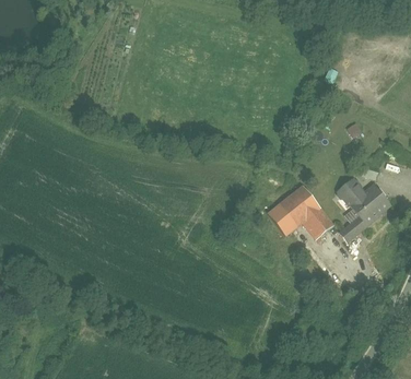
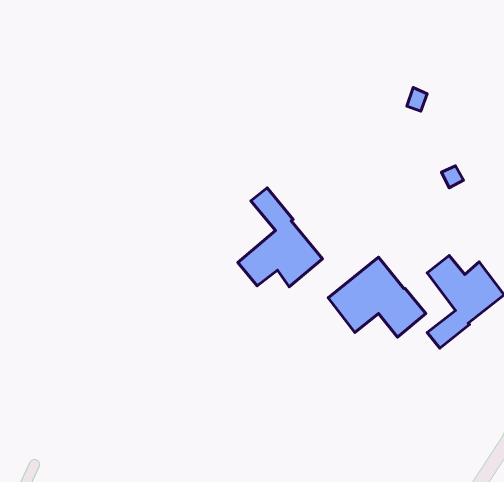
building: none -> [238,188,322,287]

